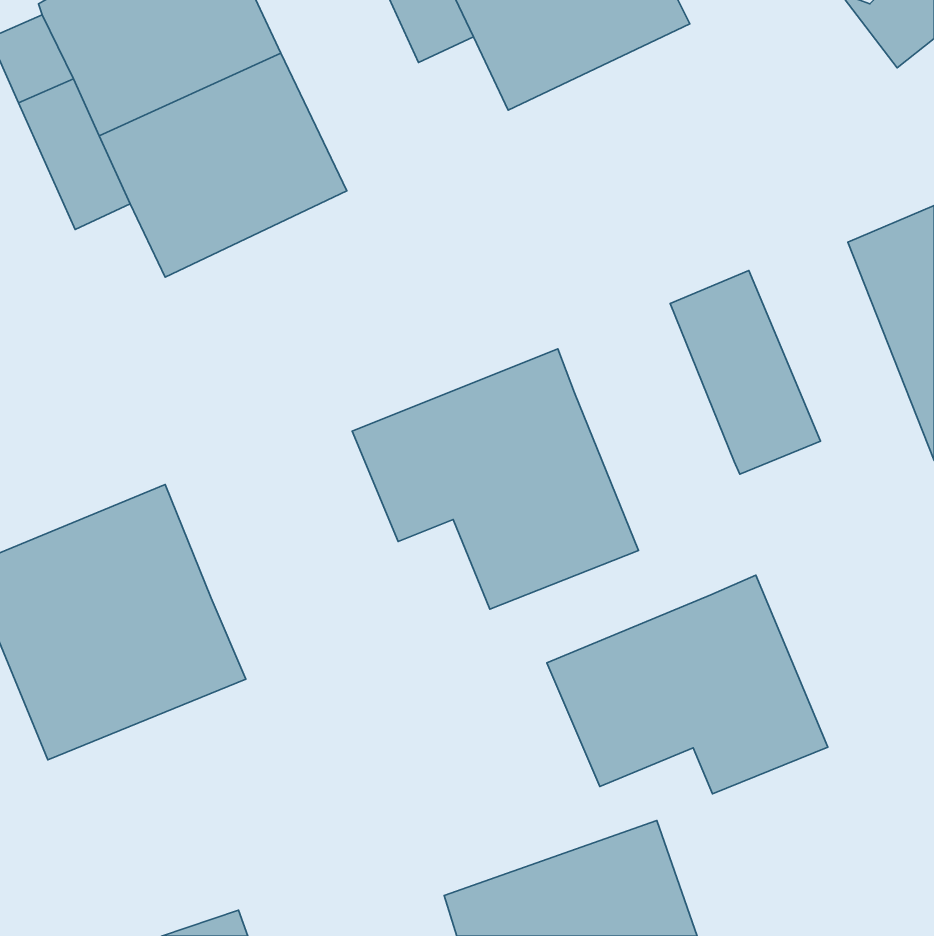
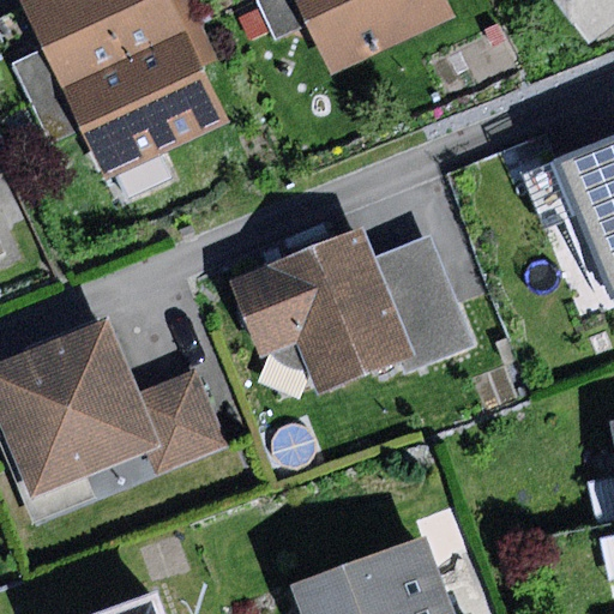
building: [670,271,821,474] -> [375,235,474,368]
building: none -> [138,369,224,469]
building: [547,575,828,794] -> none

